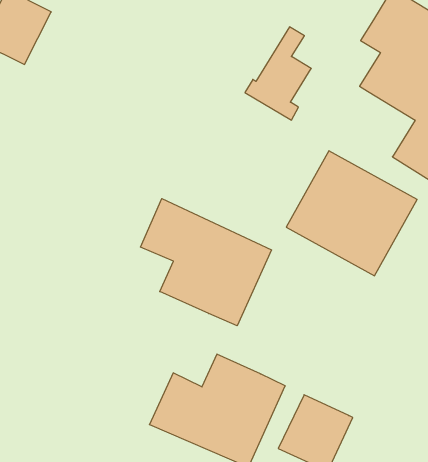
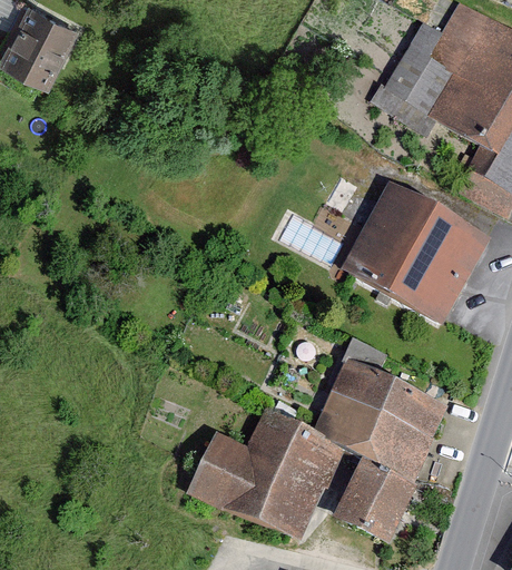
building: [245,27,311,120] -> [373,24,447,129]
building: [141,199,271,326] -> none
building: none -> [313,337,446,479]

